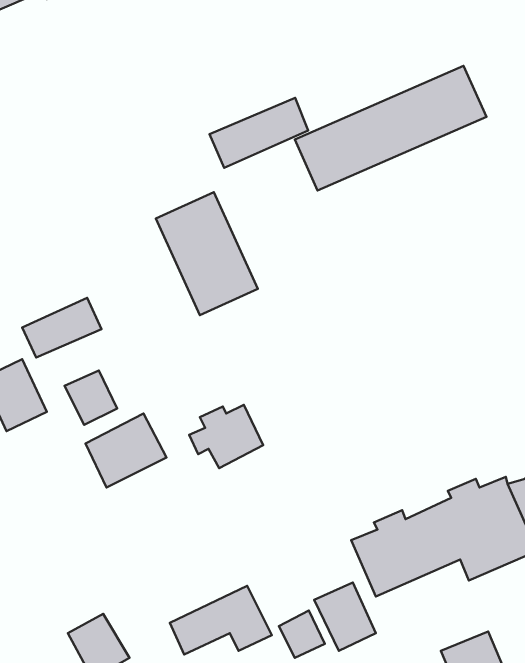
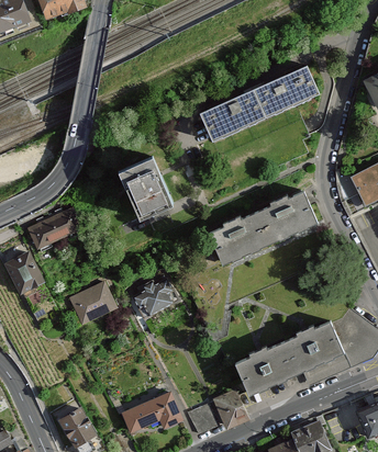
building: [209,98,308,168] -> none
building: none -> [205,188,318,267]
building: [65,370,117,425] -> none

